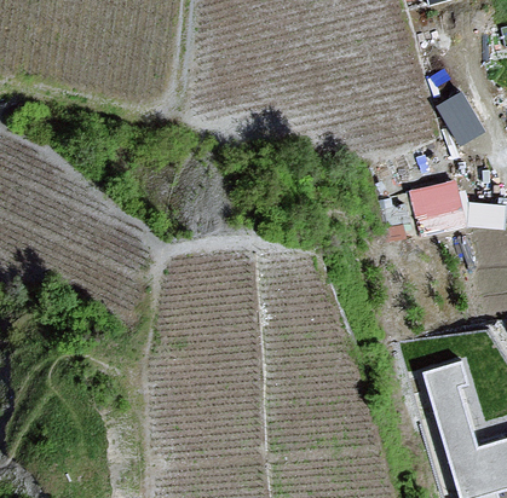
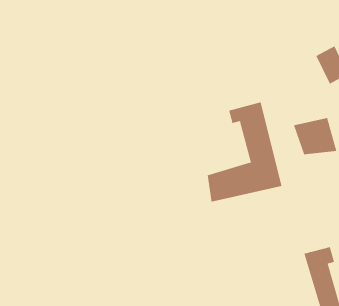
building: none -> [207,101,282,203]

